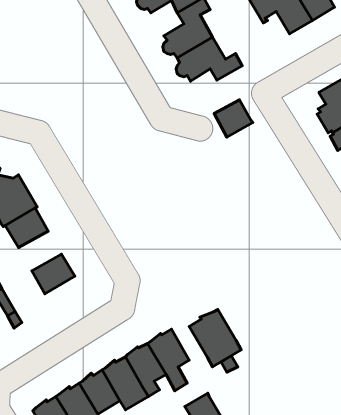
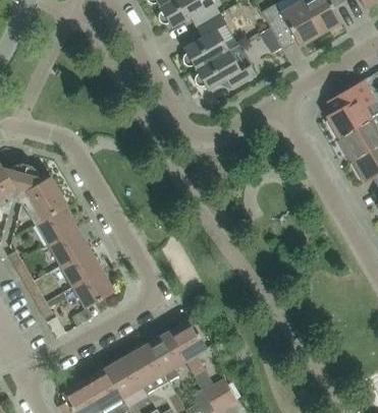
building: [214,100,253,137] -> none
building: none -> [49,229,89,265]
building: none -> [73,271,114,308]
building: [189,309,241,367] -> none

